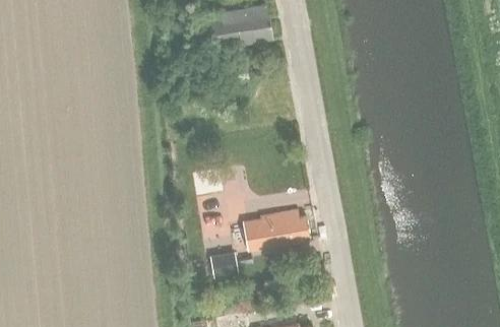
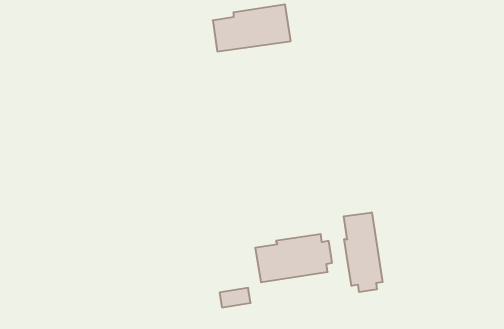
building: none -> [344,212,383,292]

